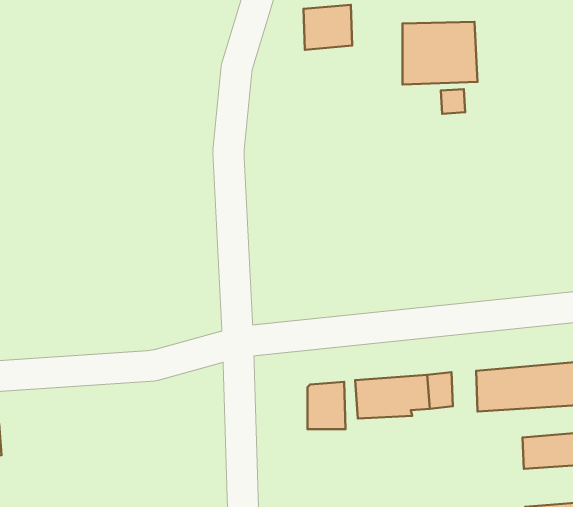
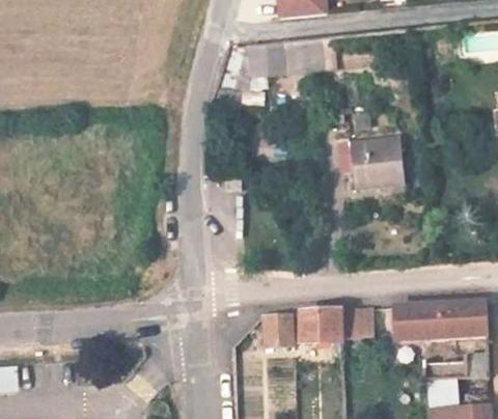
building: [403,22,477,85] -> [345,136,403,184]

